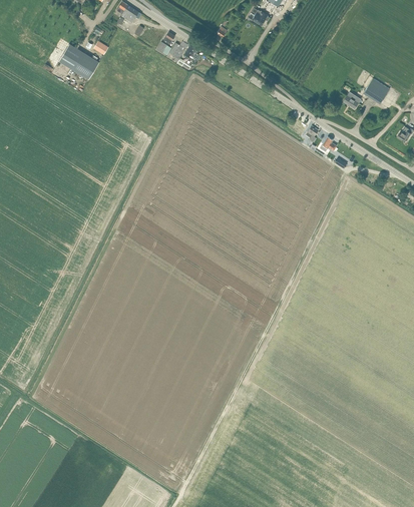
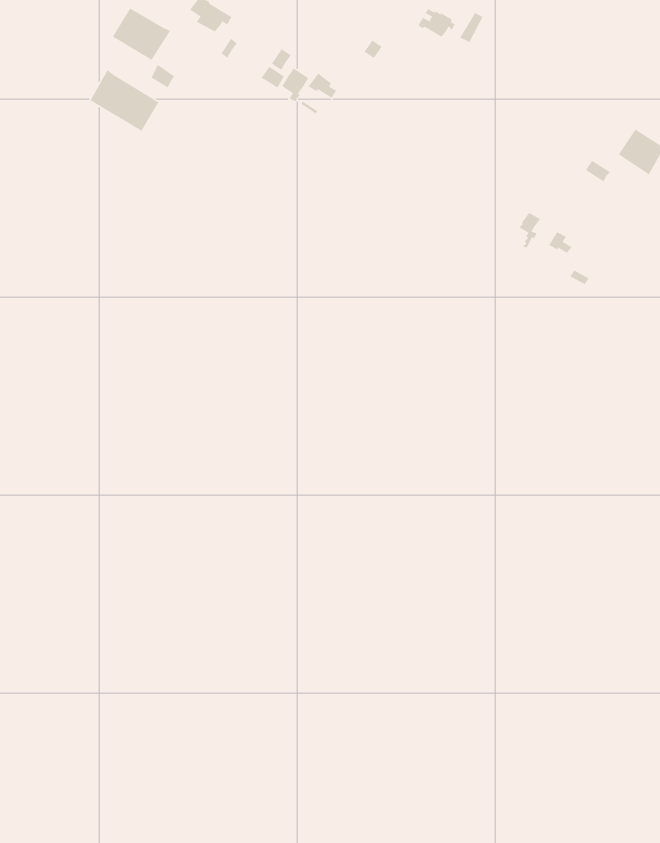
building: none -> [112,8,171,61]

